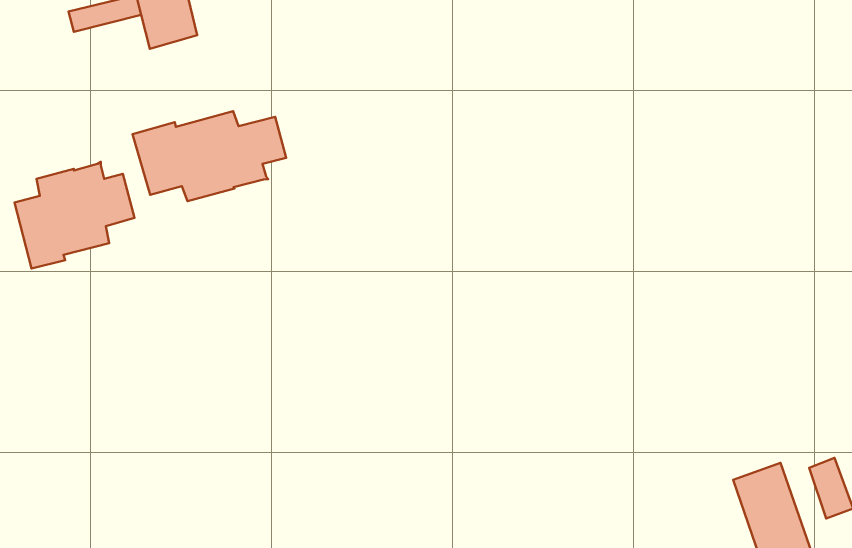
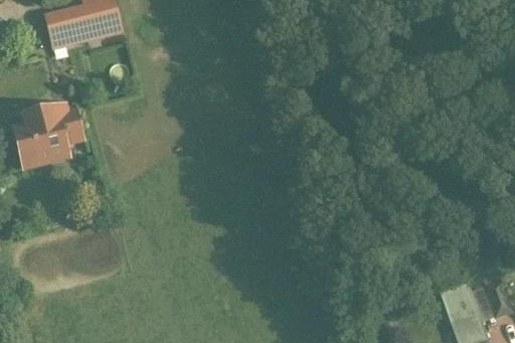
building: none -> [48,17,94,47]
building: [133,111,286,201] -> none

